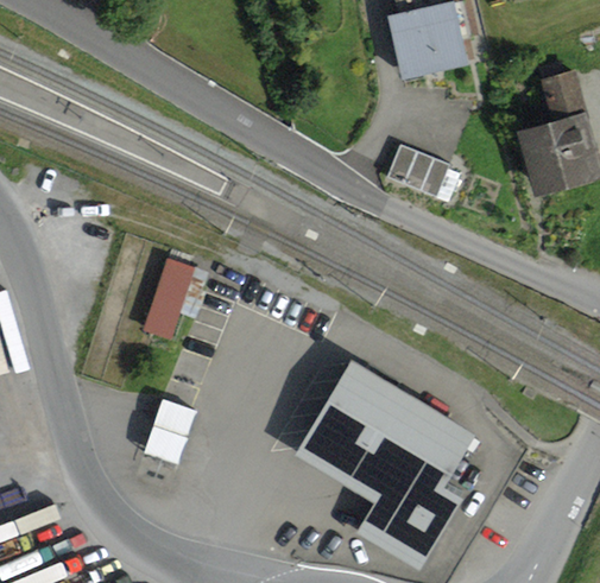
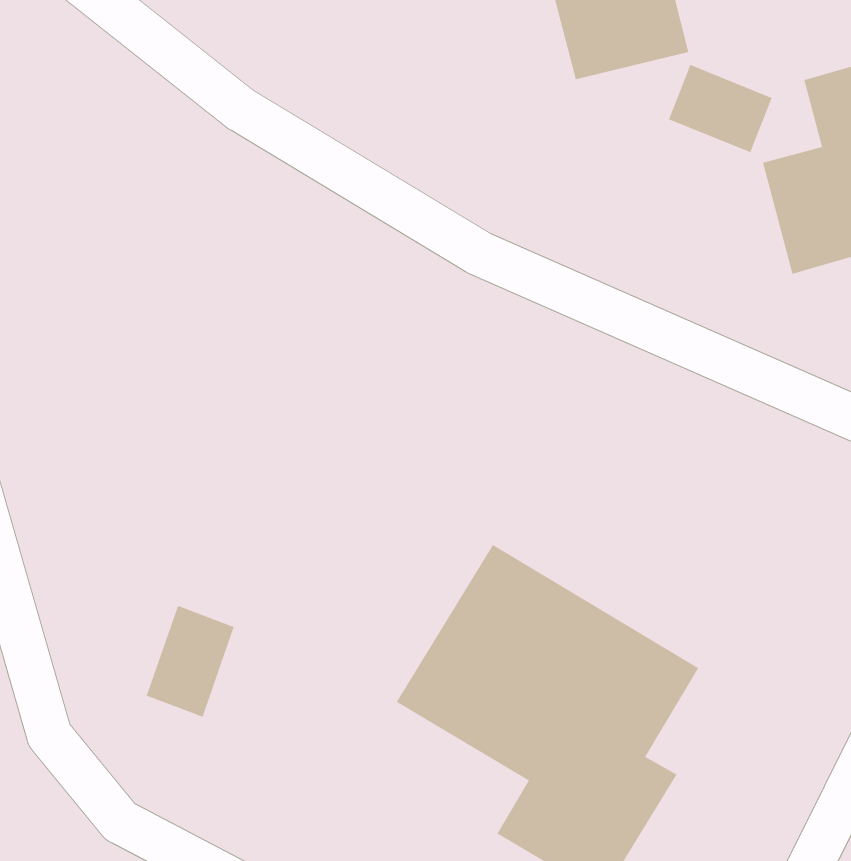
building: [387,141,450,195] -> [668,64,773,153]
building: [140,255,207,341] -> none

